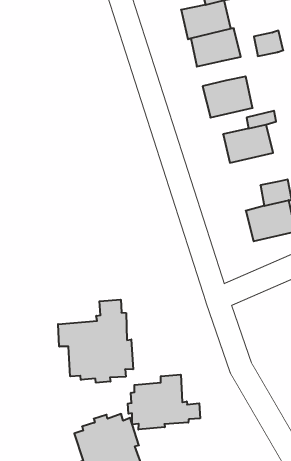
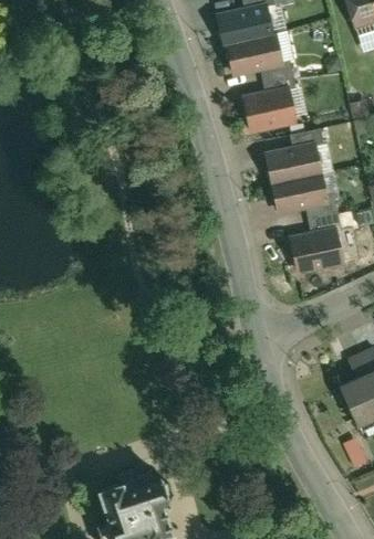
building: [254,31,283,56] -> [263,64,297,93]
building: none -> [272,175,328,218]
building: [58,300,133,383] -> none
building: [128,375,200,430] -> none

